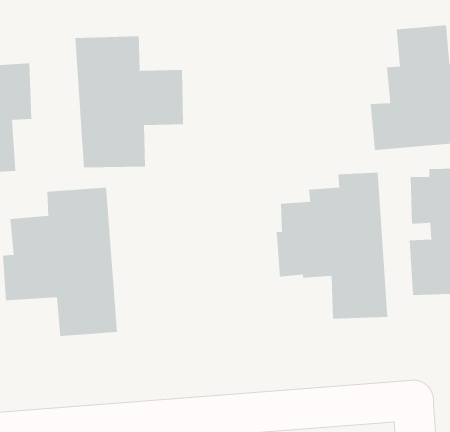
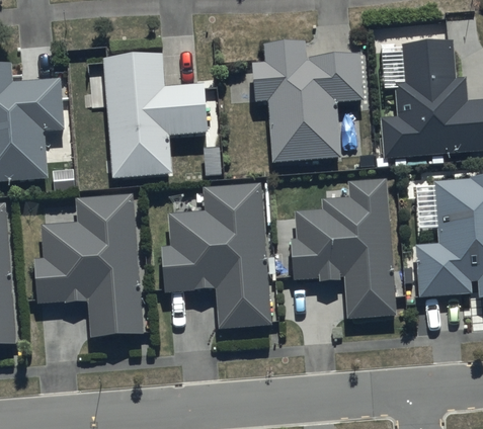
building: none -> [252,38,363,161]
building: none -> [158,180,271,325]

